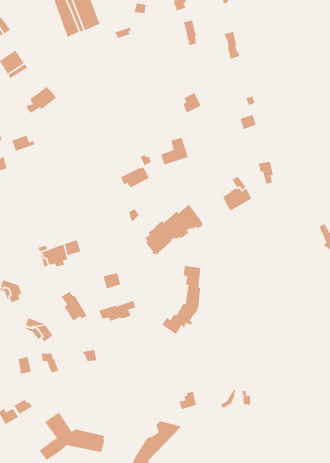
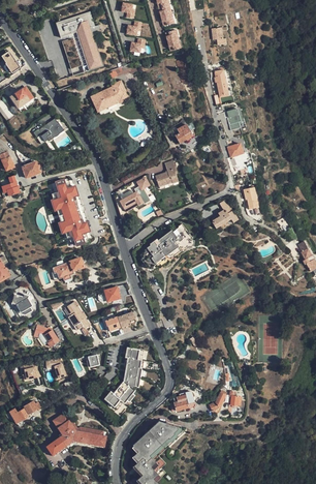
building: none -> [90,79,128,111]
building: none -> [54,178,88,245]
building: [161,265,201,335] -> [104,347,140,411]

